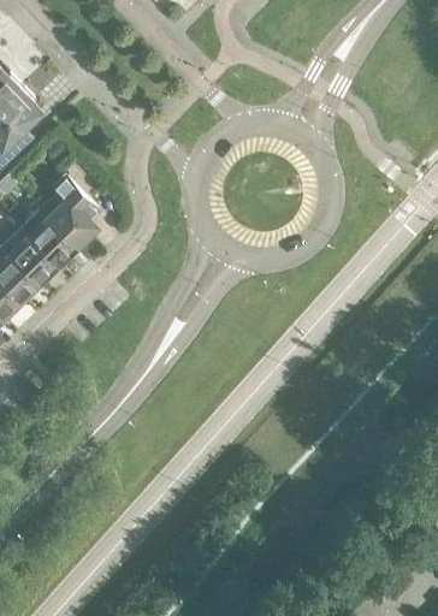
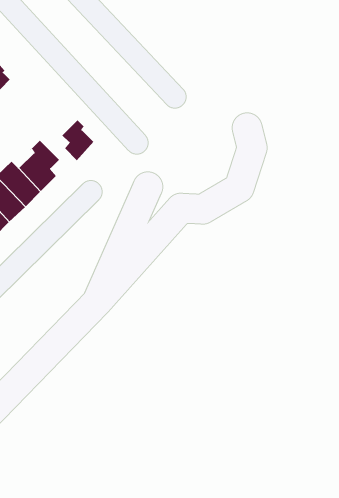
building: none -> [62,120,94,161]

